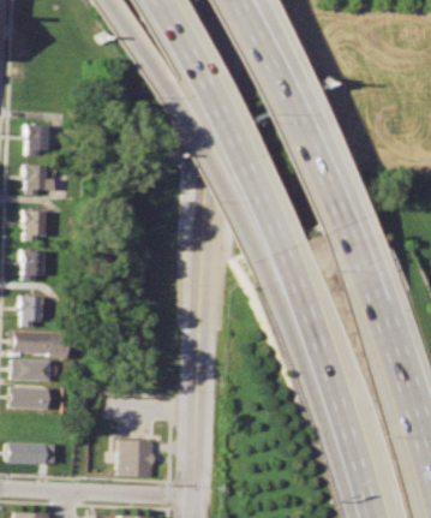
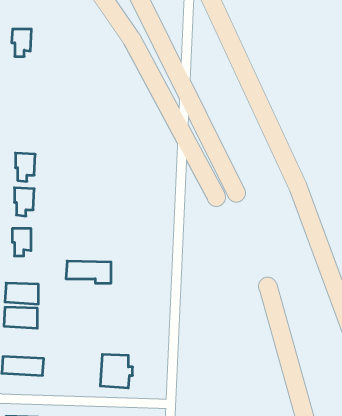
building: [28,125,50,156] -> [12,29,31,56]
building: [26,166,55,197] -> none
building: [16,332,67,357] -> [66,261,111,283]

